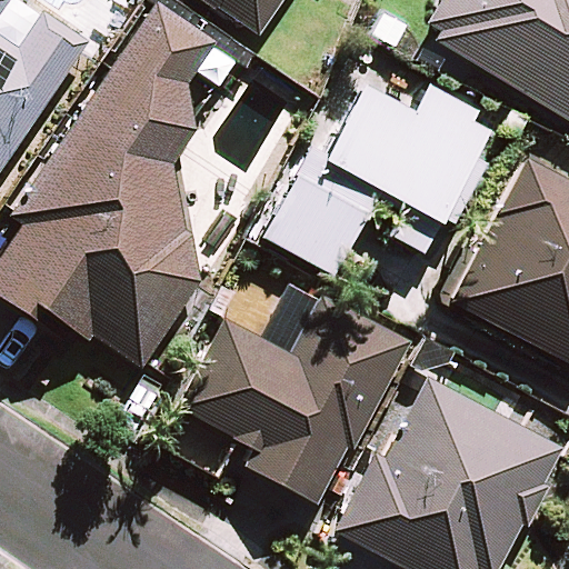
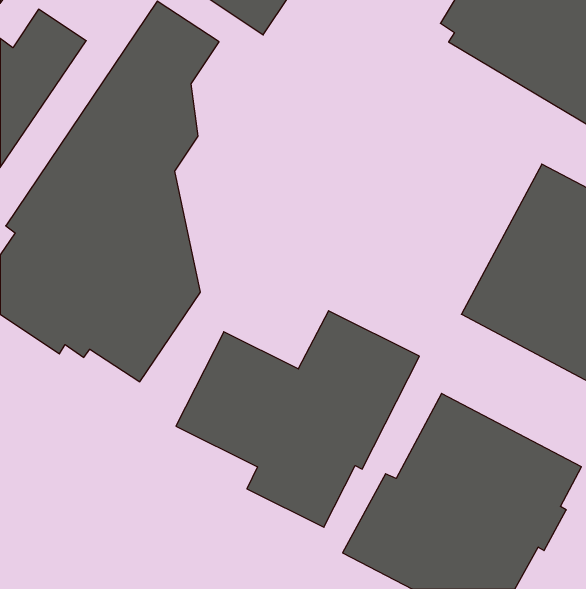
building: [263,82,490,276] -> none

